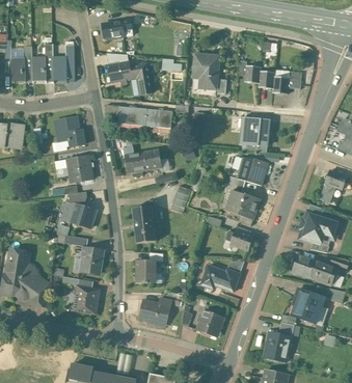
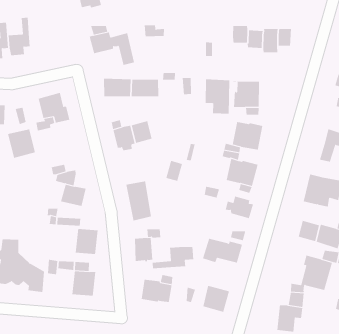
building: [53,45,75,78] -> none
building: [193,54,219,89] -> [205,79,230,114]
building: [67,155,93,182] -> [7,129,36,158]
building: none -> [152,246,194,269]

